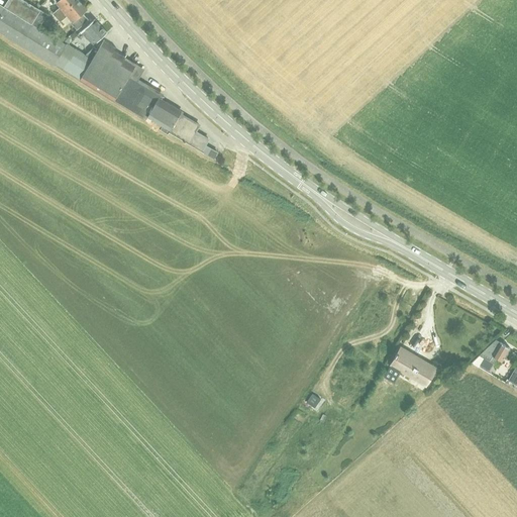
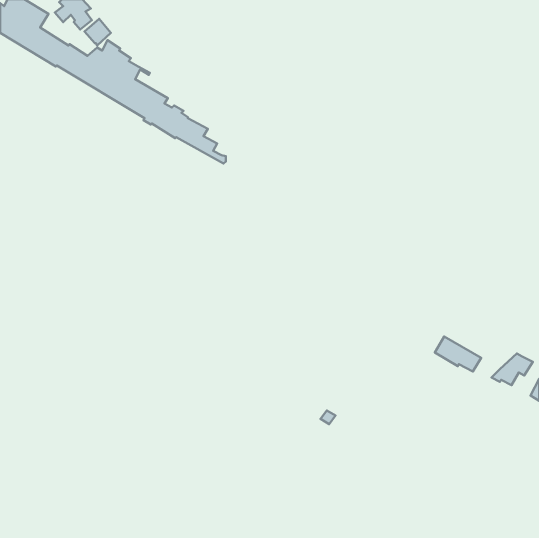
building: [391,347,435,381] -> [435,337,481,371]

